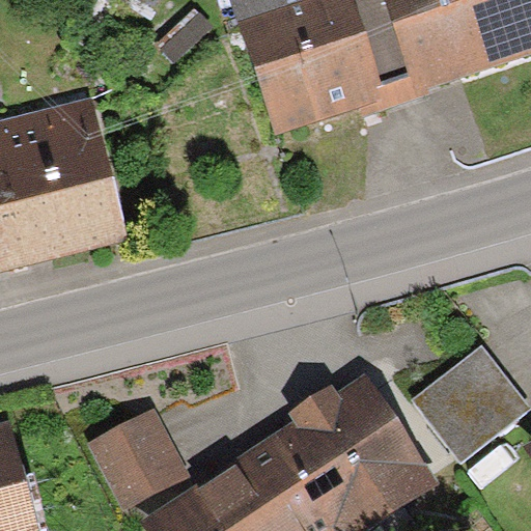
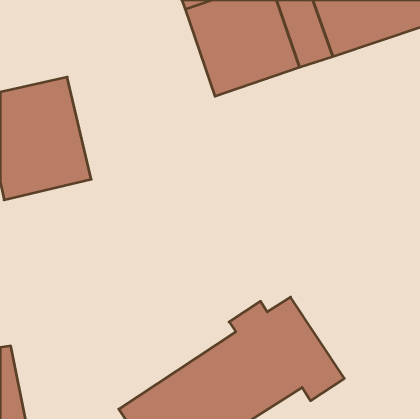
building: [410,343,521,454] -> none
building: [89,413,193,516] -> none

